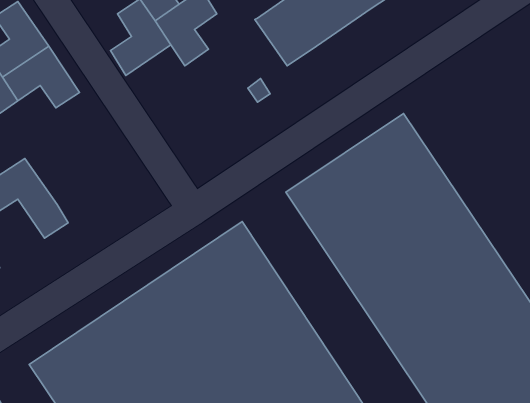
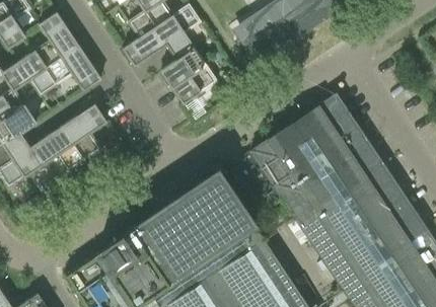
building: none -> [161,48,218,104]
building: none -> [62,104,107,160]

